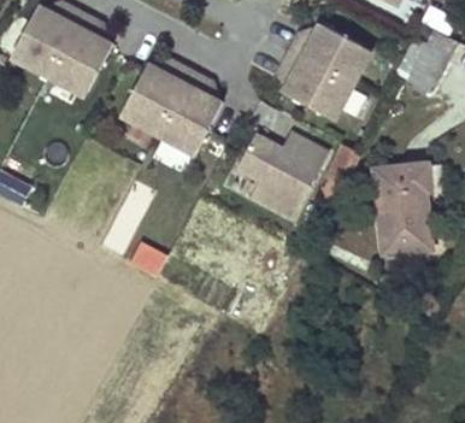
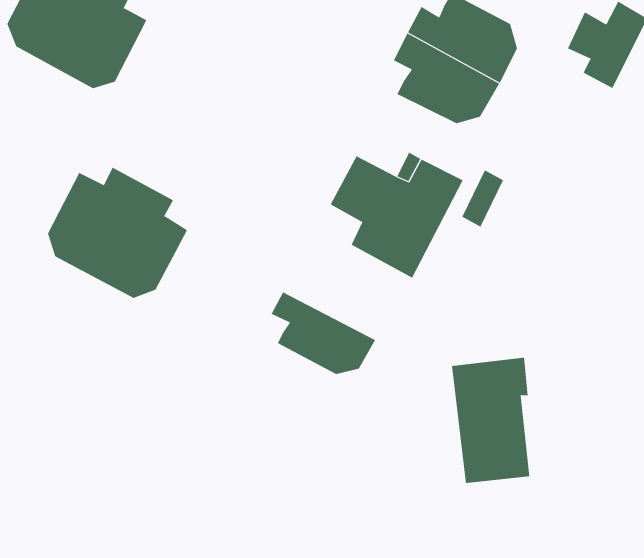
building: [126,59,223,149] -> [47,167,188,299]
building: [377,165,431,252] -> [451,357,530,484]
building: none -> [271,292,376,375]

